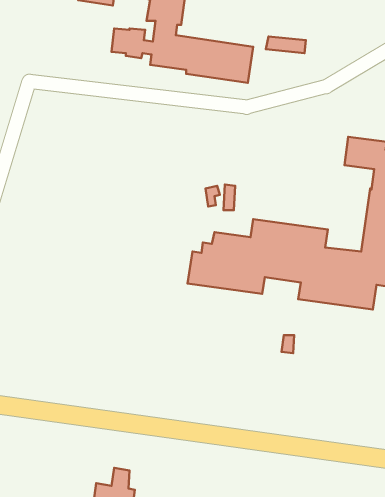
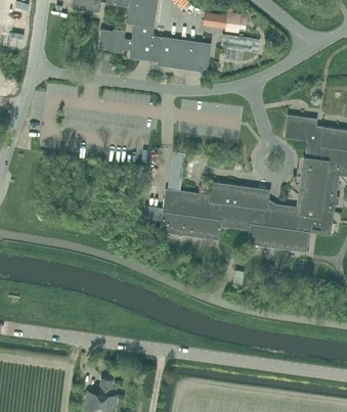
building: none -> [204,12,240,32]

